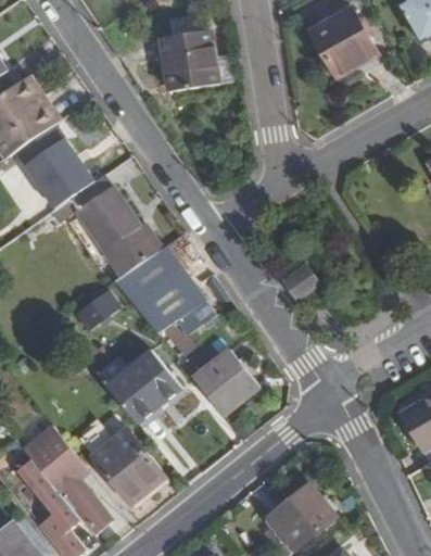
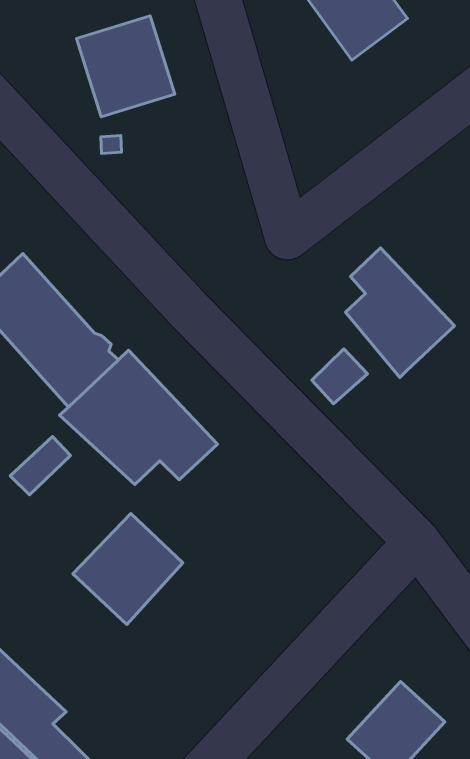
building: none -> [346,248,454,378]
building: [193,351,258,415] -> none
building: [90,426,164,503] -> none

